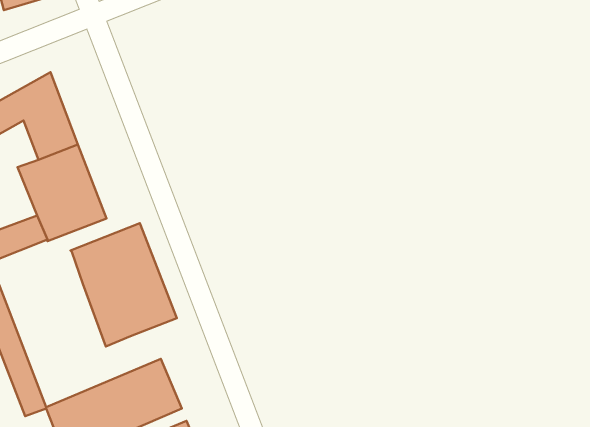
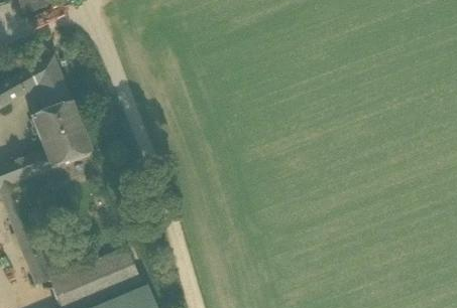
building: [70,223,177,347] -> none

